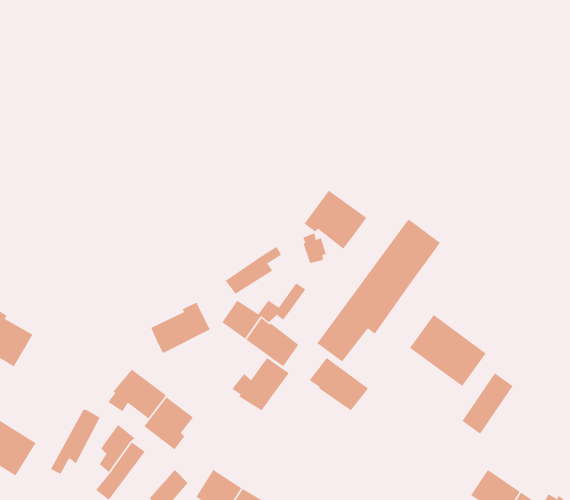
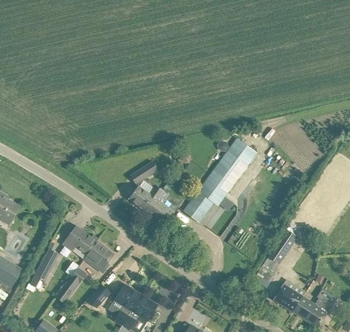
building: [304,190,367,249] -> none
building: [150,302,211,354] -> none
building: [409,314,487,387] -> none
building: [231,357,289,411] -> none
building: [309,357,369,411] -> none

